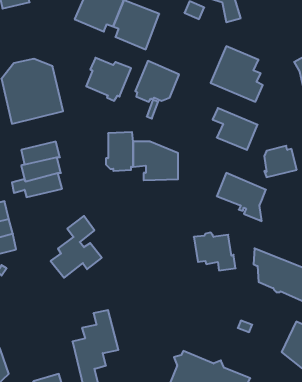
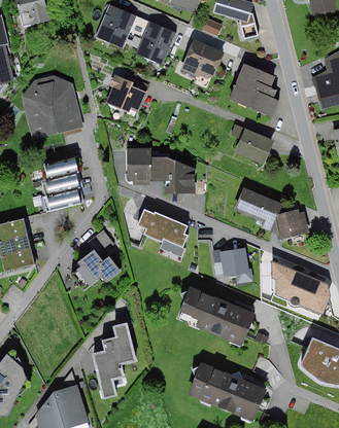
building: [135,61,179,102] -> [180,39,224,79]
building: [264,146,297,177] -> [276,209,308,240]
building: none -> [137,209,189,257]
building: none -> [179,286,256,346]

